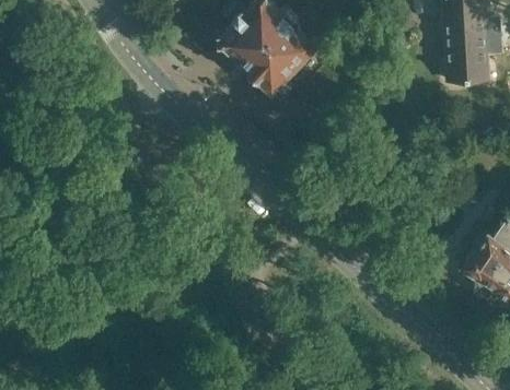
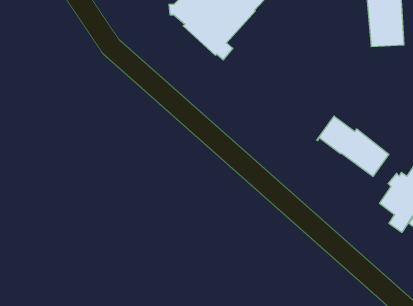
building: none -> [317,116,389,176]

